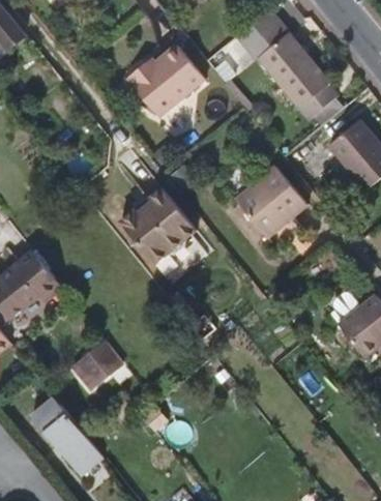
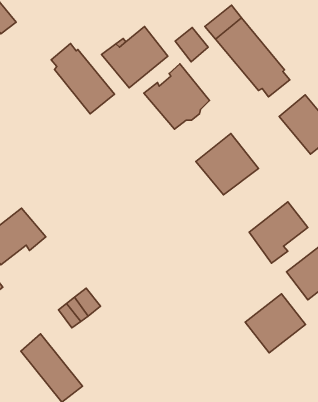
building: none -> [51,43,114,114]
building: [117,184,193,260] -> [144,64,209,129]
building: none -> [249,202,308,263]
building: none -> [245,294,306,353]

